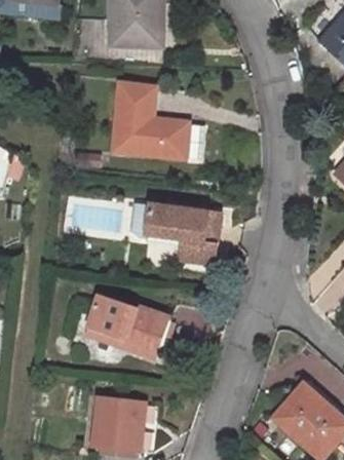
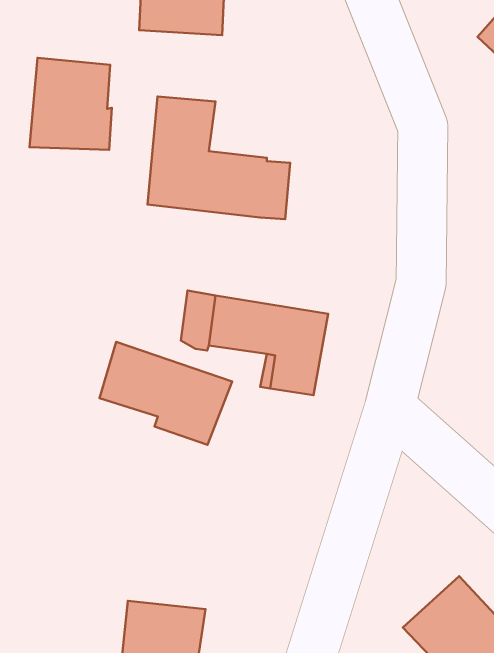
building: none -> [29,58,112,150]
building: [88,293,170,356] -> [100,342,232,445]

